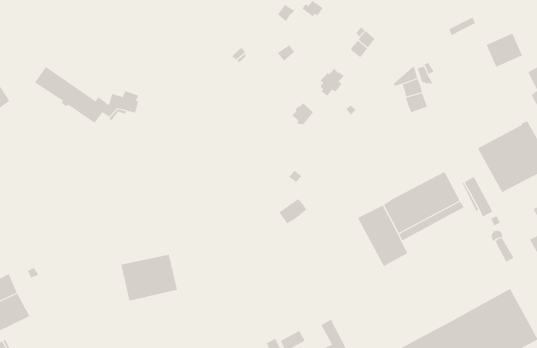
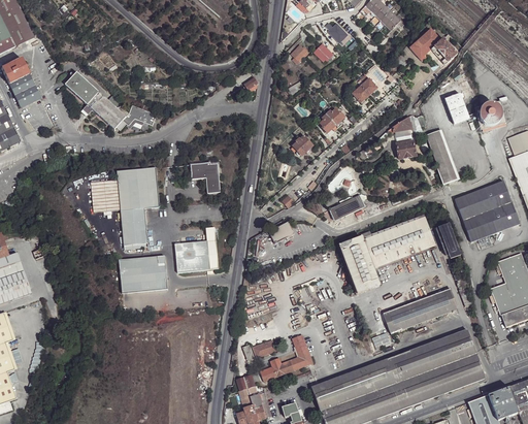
building: none -> [443,92,468,123]
building: none -> [426,130,459,183]
building: none -> [190,161,220,192]
building: none -> [329,194,365,219]
building: none -> [92,166,159,249]
building: none -> [173,226,218,272]
building: none -> [382,287,458,333]

